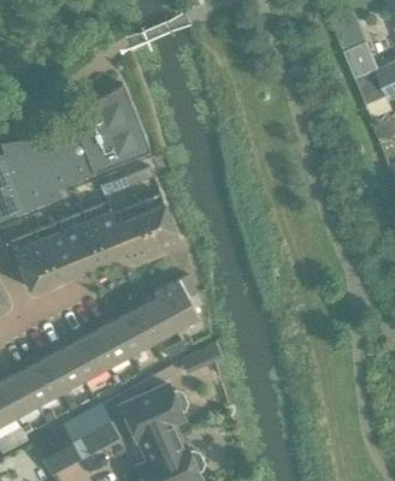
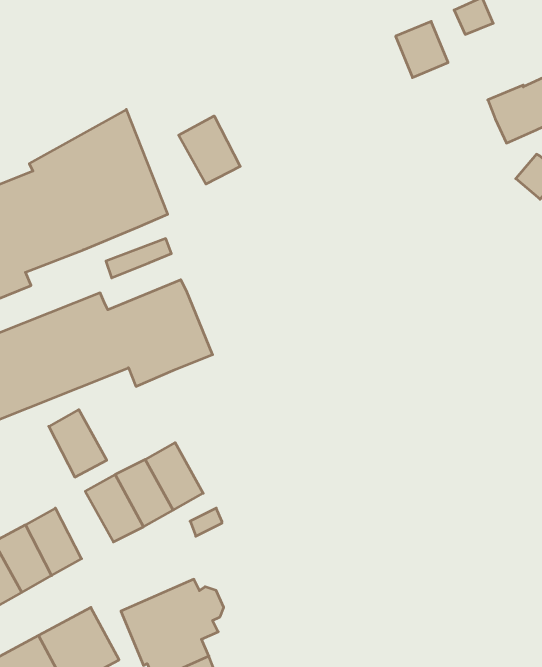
building: [344,43,378,79] -> [396,21,448,78]
building: none -> [179,116,240,184]
building: [152,277,198,332] -> none
building: [77,331,114,374] -> [49,410,107,477]

